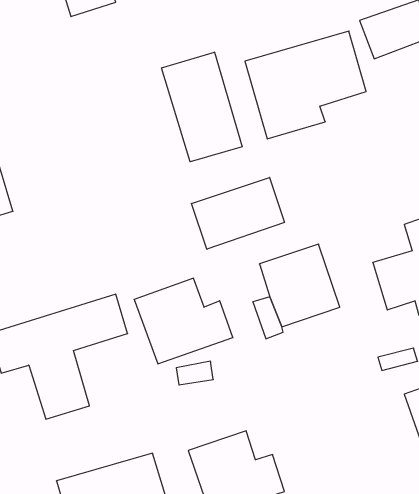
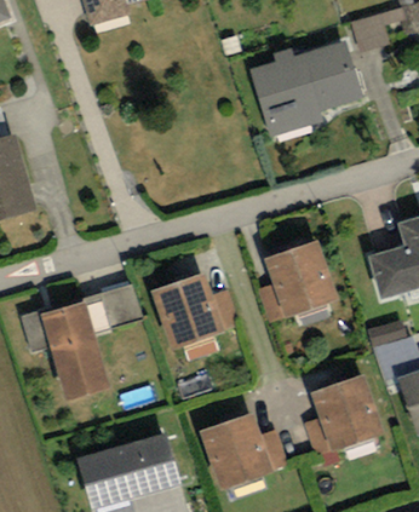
building: [161,52,242,162] -> none
building: [191,177,285,249] -> none
building: none -> [304,372,383,456]

